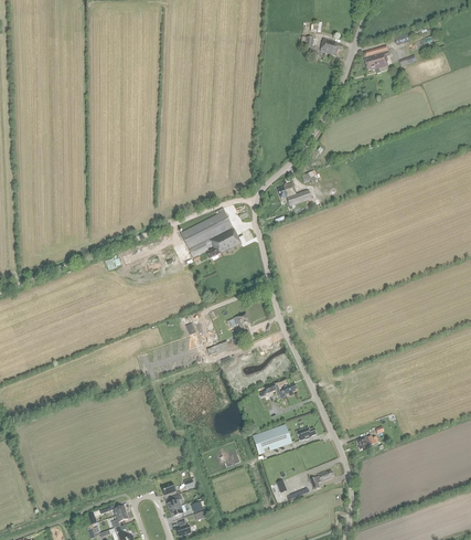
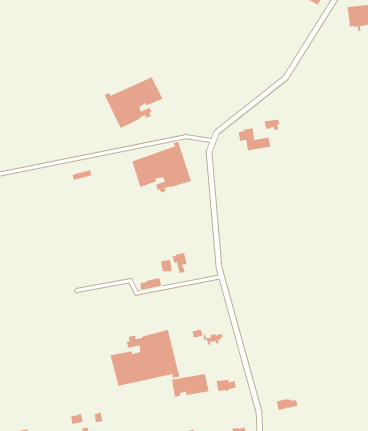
building: none -> [104,77,163,129]
building: none -> [110,329,180,386]

